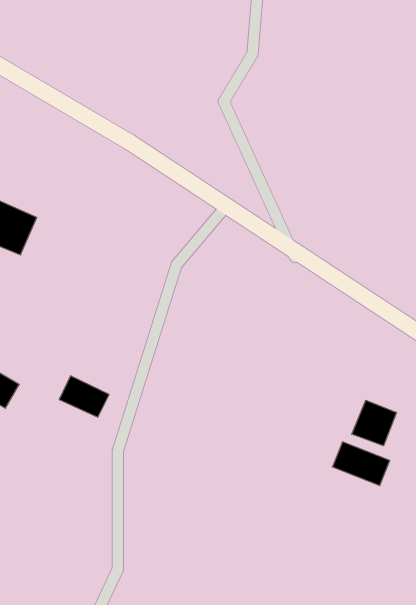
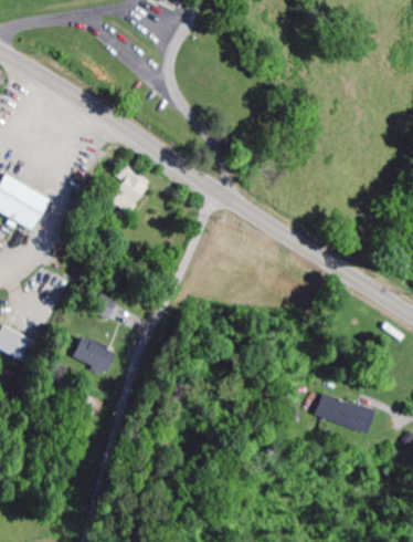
building: none -> [113,173,148,209]
building: [352,400,396,446] -> none

